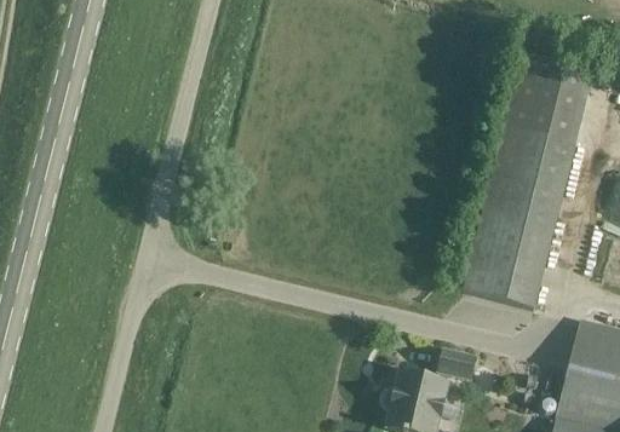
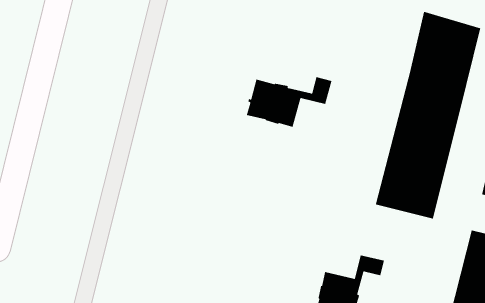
building: none -> [246,76,332,128]

